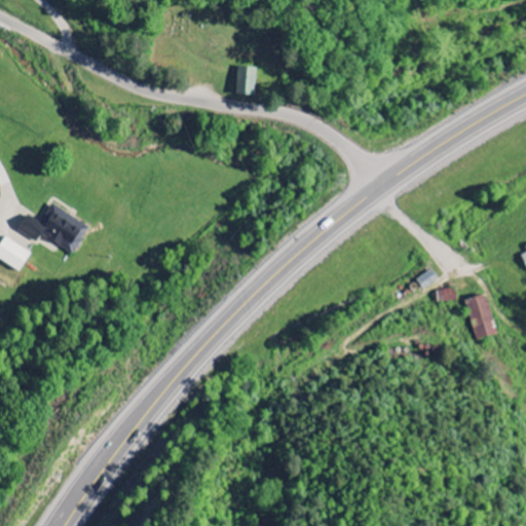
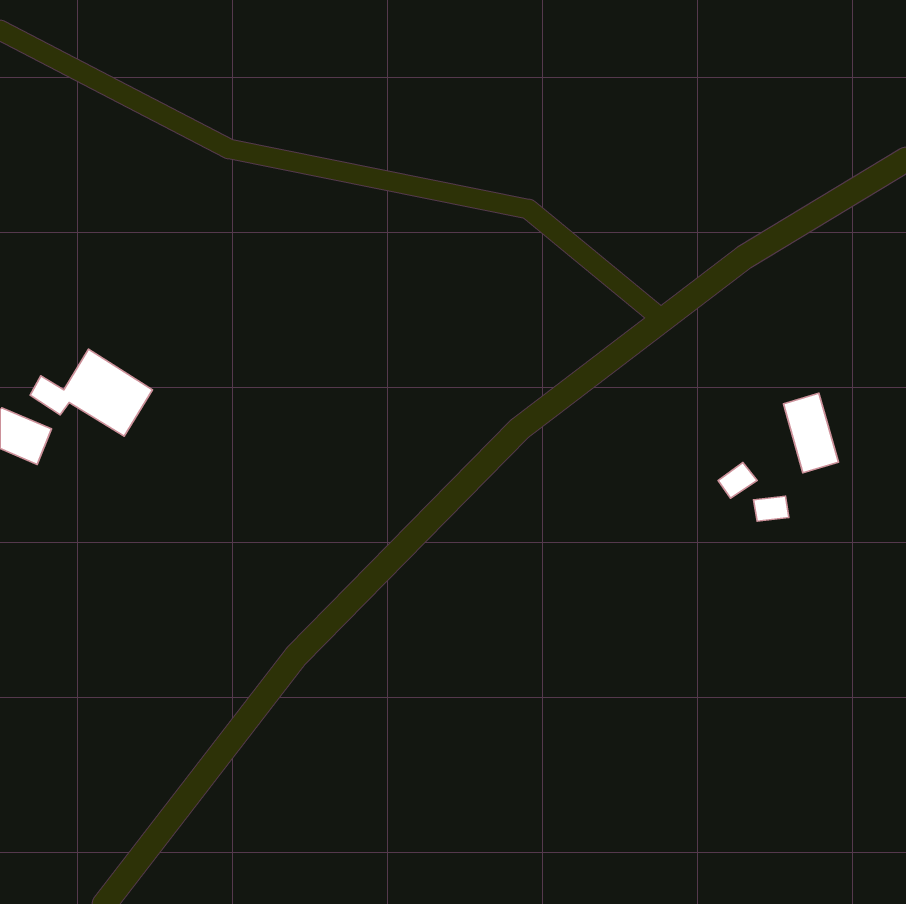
building: [235,67,256,96] -> none
building: [464,293,496,339] -> [783,393,838,473]

